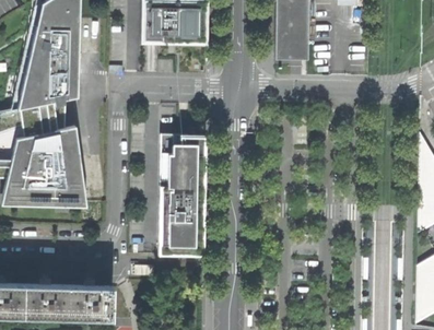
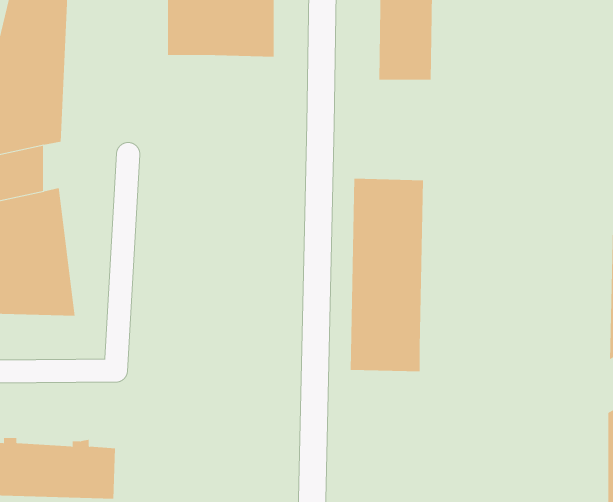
building: [157,134,203,255] -> [350,178,424,372]

